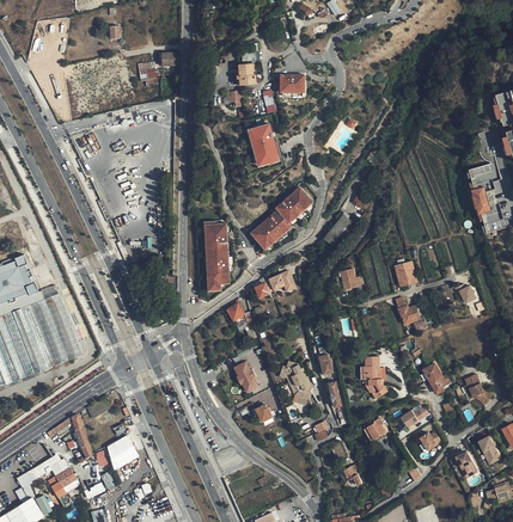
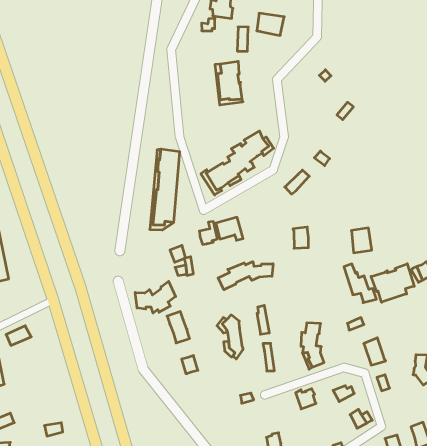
building: none -> [371,264,414,302]
building: none -> [218,262,273,290]
building: none -> [135,281,176,313]
building: [104,435,140,469] -> none

